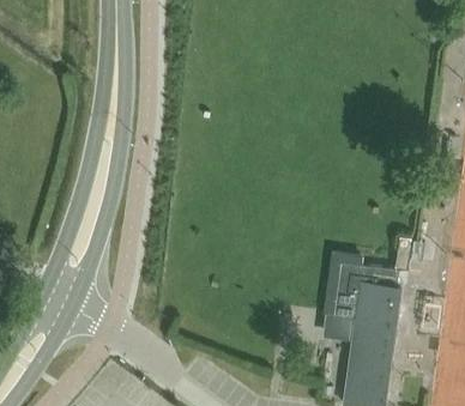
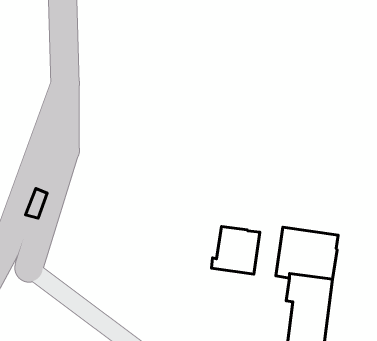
building: none -> [211,226,260,274]

